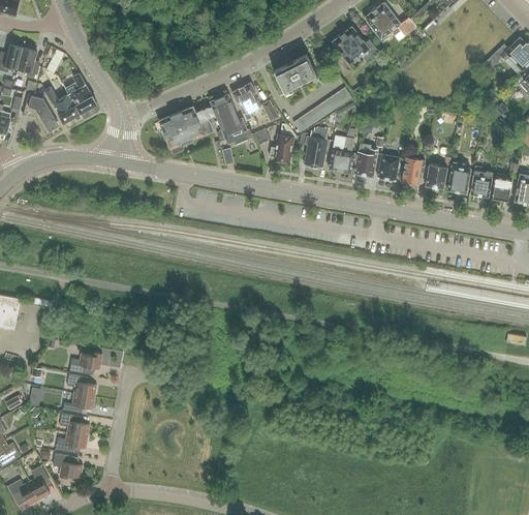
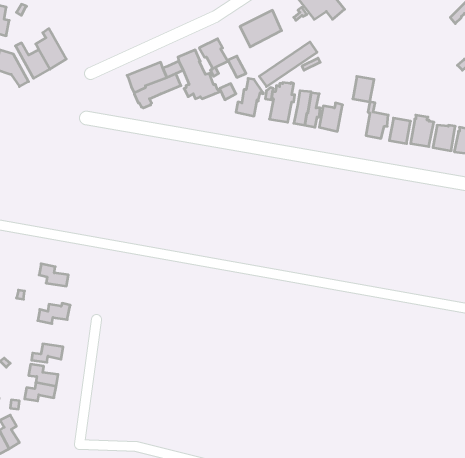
building: [378,154,400,180] -> [353,76,374,102]
building: [66,373,96,396] -> [39,264,68,286]
building: [52,453,82,478] -> none

